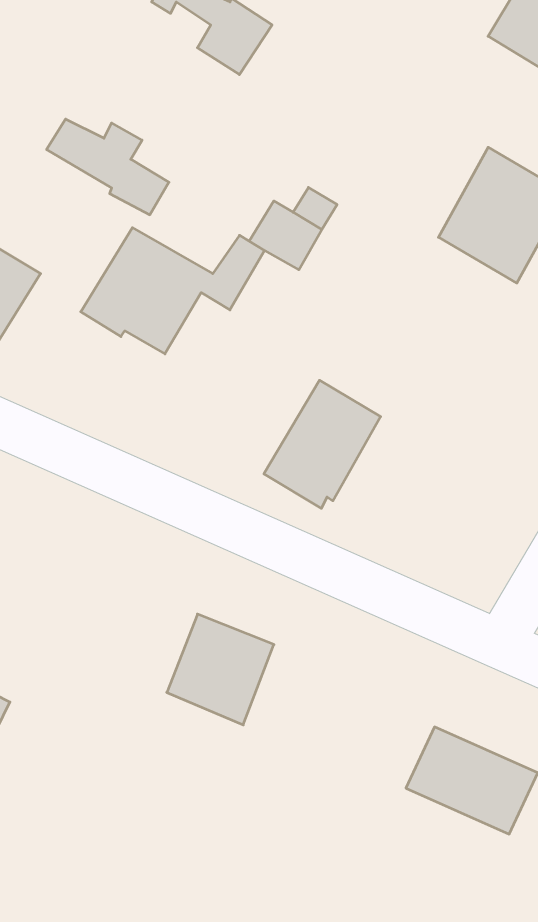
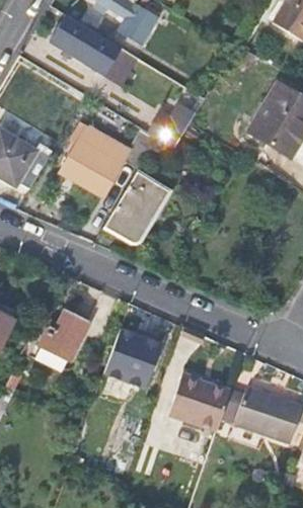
building: [47,119,169,215] -> [53,23,118,74]
building: [264,380,381,508] -> [107,171,169,239]
building: none -> [41,308,90,359]
building: none -> [166,375,230,435]

